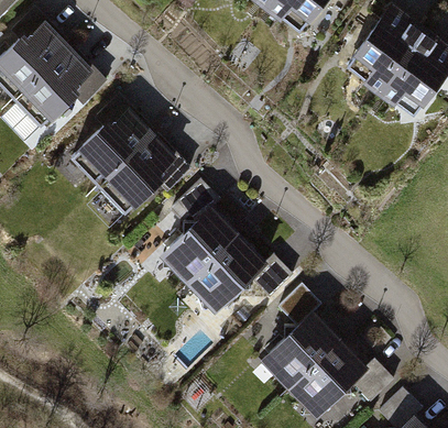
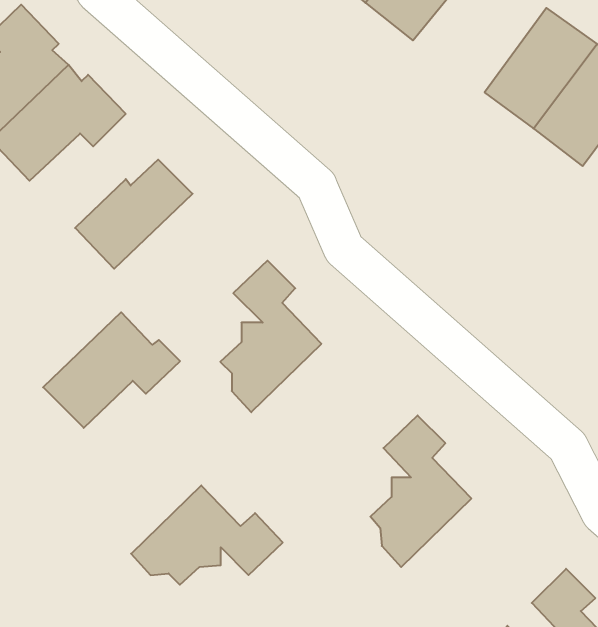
building: [97,134,189,212] -> [43,312,180,428]
building: [189,235,292,303] -> [131,485,283,585]
building: [291,340,393,407] -> none

